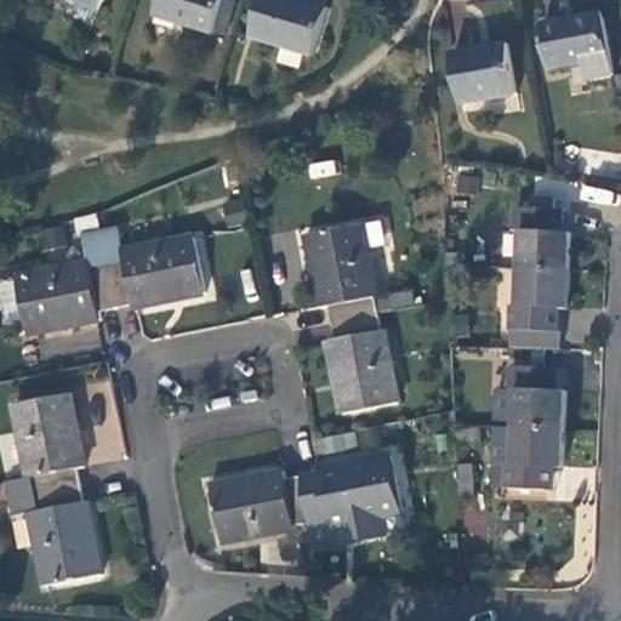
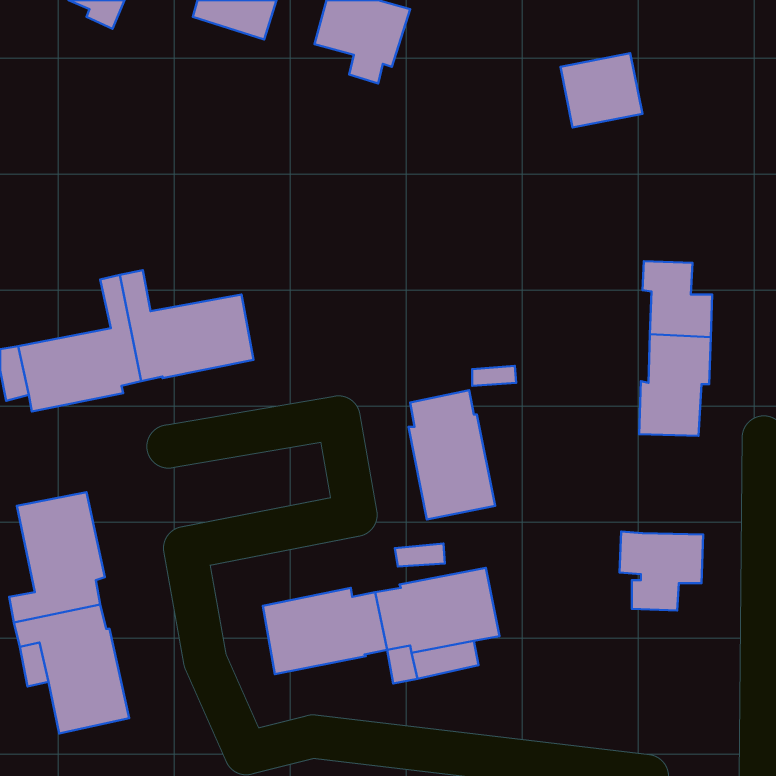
building: [540,15,608,80] -> none
building: [304,226,375,321] -> none
building: [492,365,564,427] -> none

